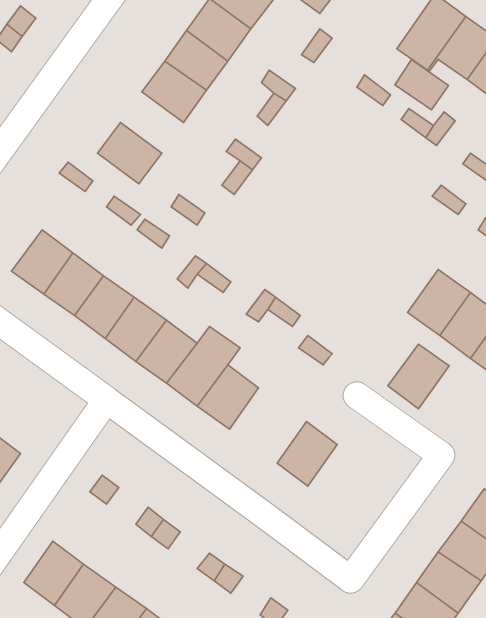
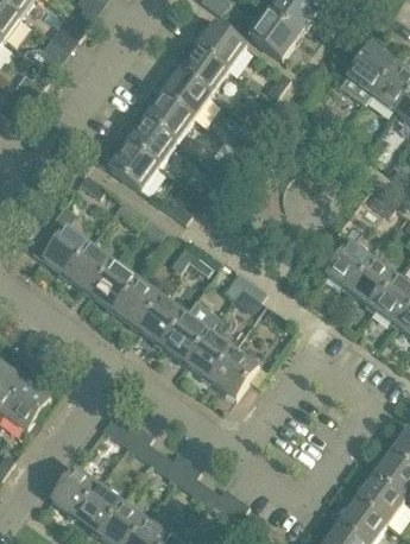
building: [395,60,449,110] -> none
building: none -> [126,118,175,165]
building: [388,344,449,409] -> [324,239,372,289]
building: [277,422,337,486] -> [210,347,257,397]

